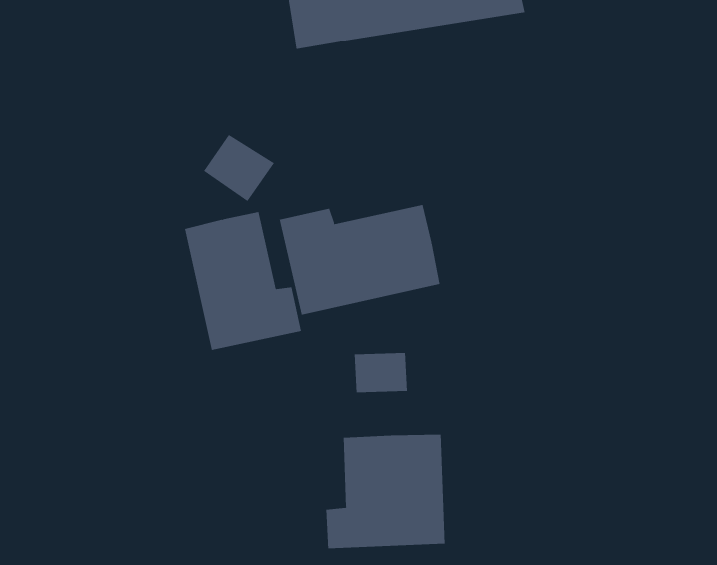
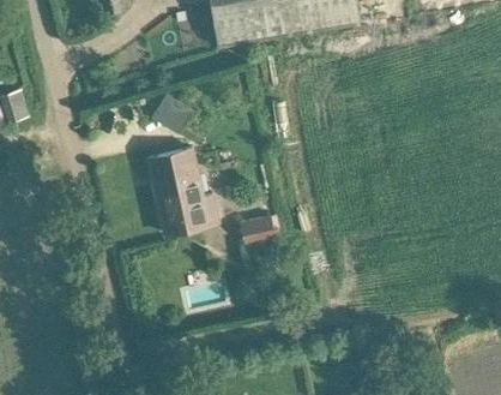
building: [279,204,440,315] -> none
building: [326,434,445,549] -> none

